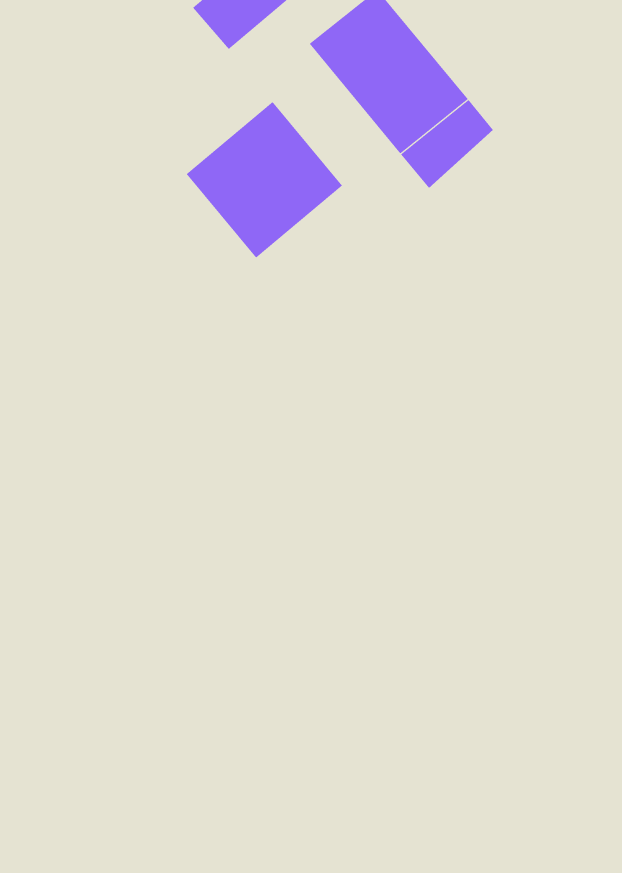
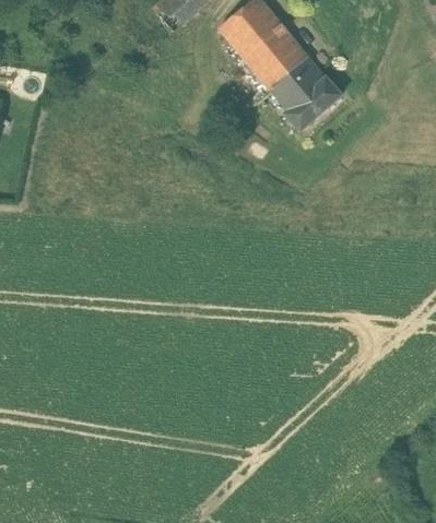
building: [186,101,343,259] -> none
building: none -> [283,75,342,132]

